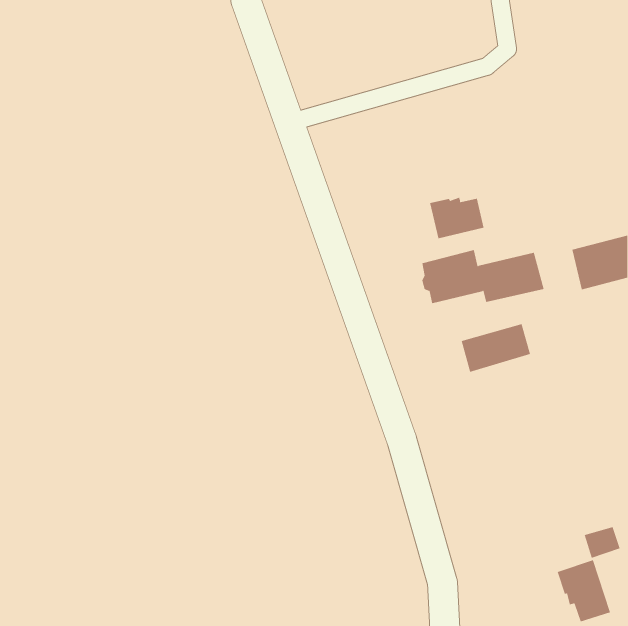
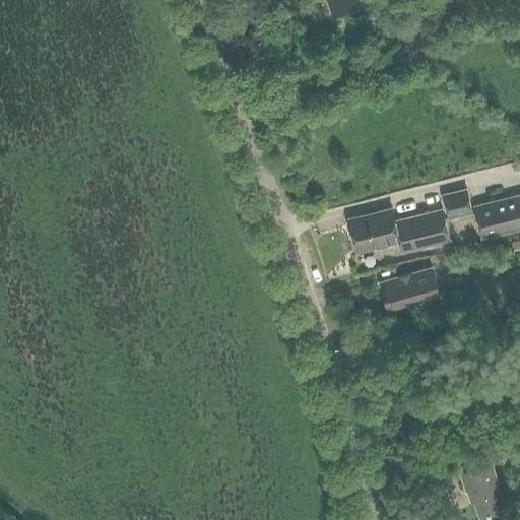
building: [430,197,484,239] -> none
building: none -> [442,190,473,221]

